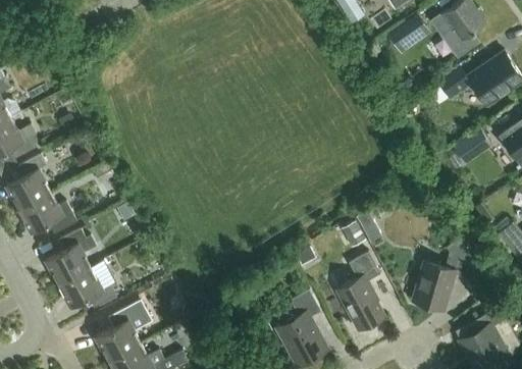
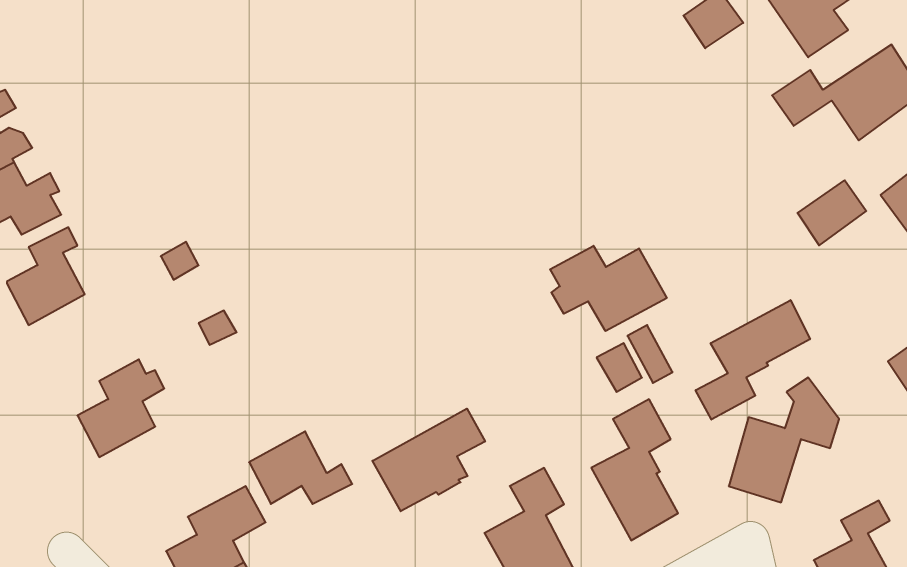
building: none -> [550,246,667,331]
building: [18,193,76,233] -> none
building: none -> [696,300,810,420]
building: none -> [372,409,485,511]
building: [58,267,116,308] -> [249,431,352,504]

